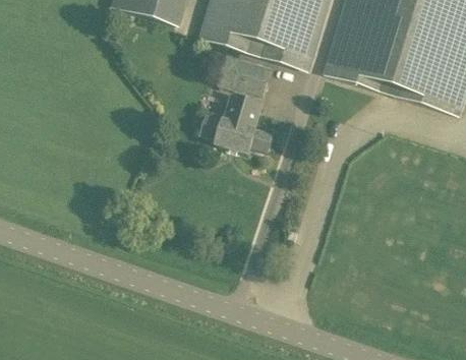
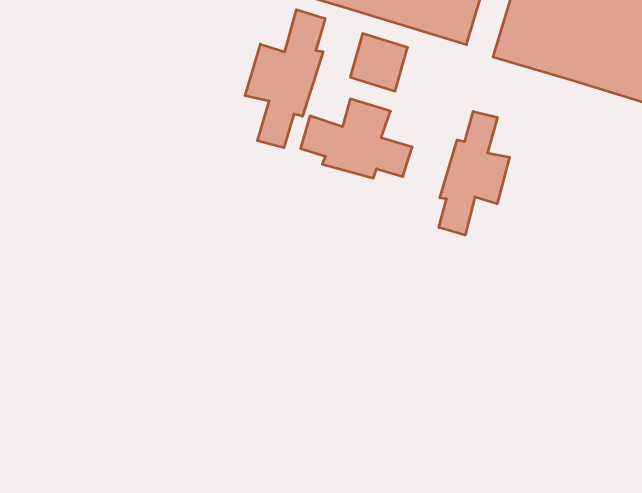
building: none -> [245,10,325,148]
building: none -> [439,111,510,235]

